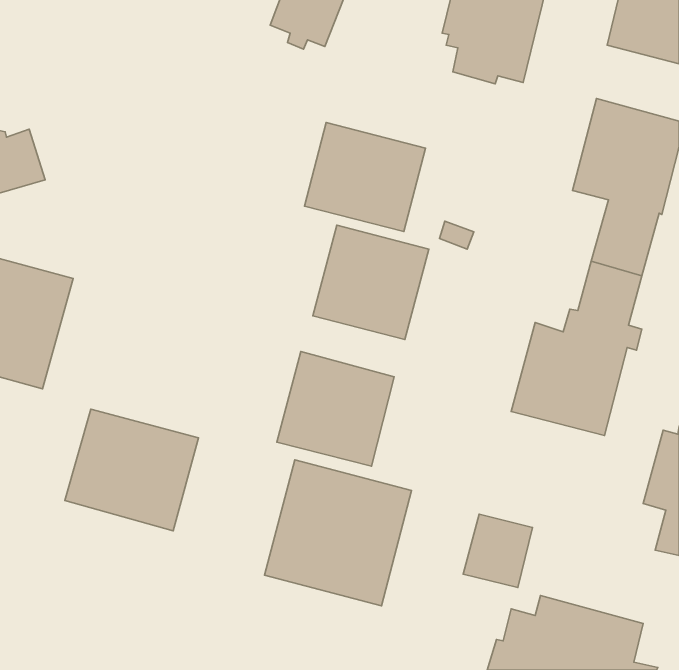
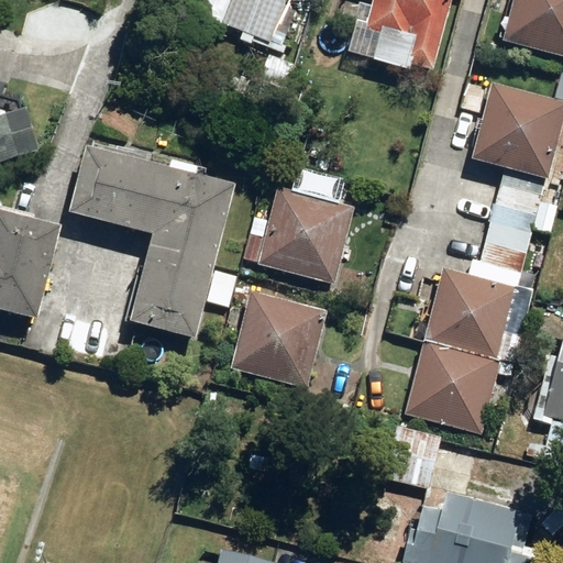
building: [305,123,426,232] -> none
building: none -> [68,150,235,339]
building: [65,409,198,531] -> none
building: none -> [404,340,499,431]
building: [265,460,412,606] -> none

